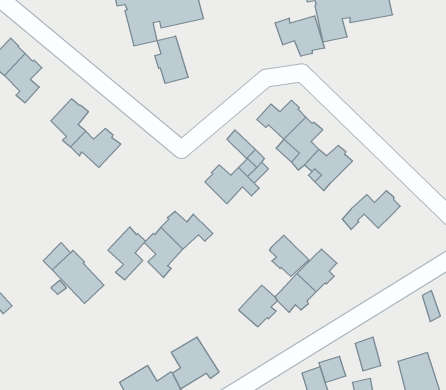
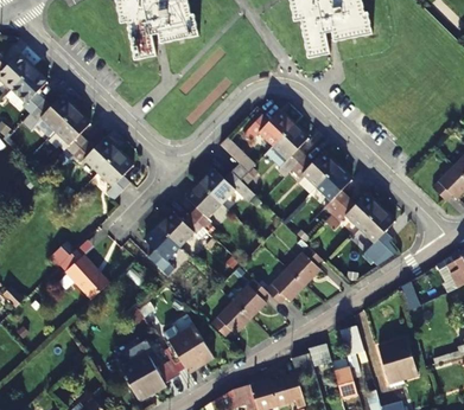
building: [275,16,325,56] -> none
building: [155,36,188,83] -> none
building: none -> [34,94,77,129]
building: none -> [314,166,350,210]
building: none -> [185,185,220,229]
building: none -> [358,207,394,257]
building: [108,227,145,280] -> [102,150,136,199]
building: [270,235,309,276] -> none
building: none -> [210,302,248,337]

